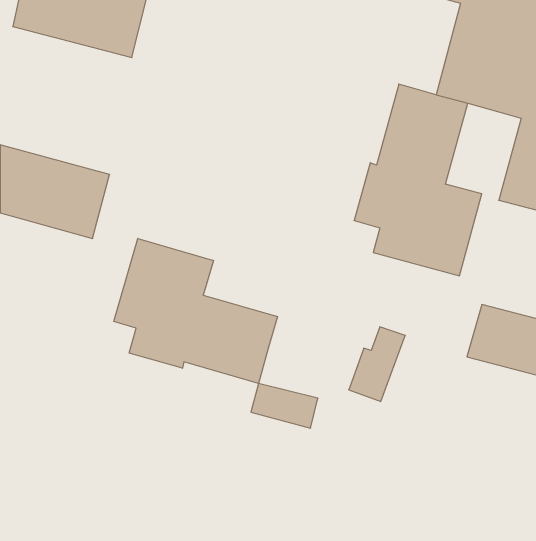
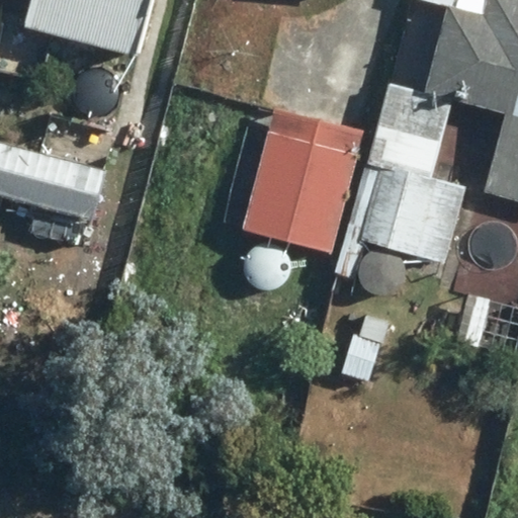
building: none -> [240,128,357,252]
building: [114,238,278,383] -> none

